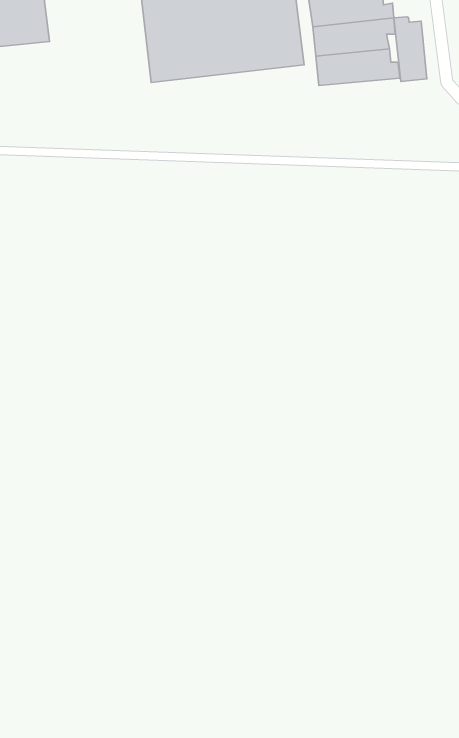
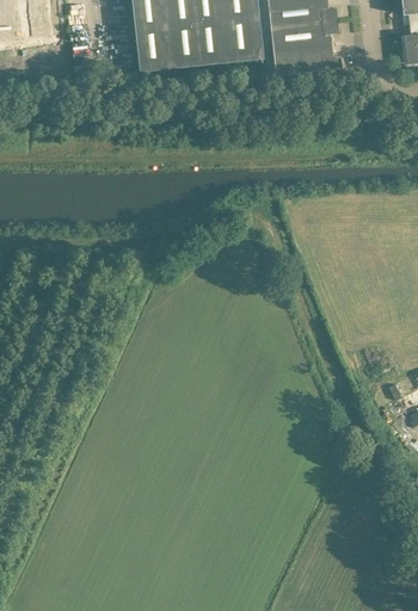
building: [394,17,427,81] -> none

